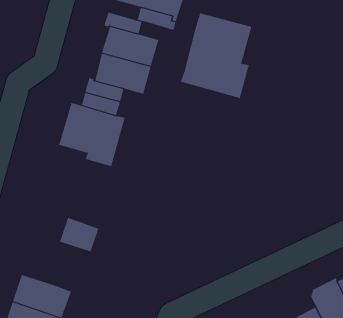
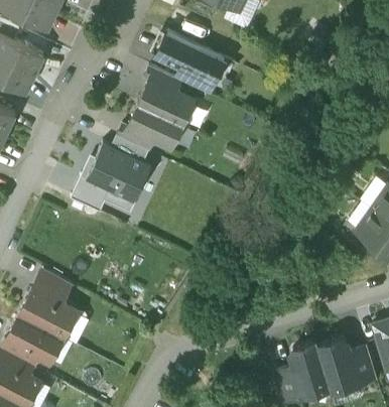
building: [180,12,252,99] -> none
building: none -> [71,176,110,213]
building: [59,217,99,252] -> [33,271,72,306]

